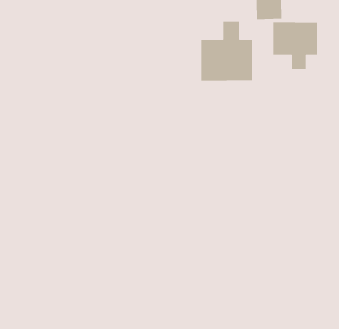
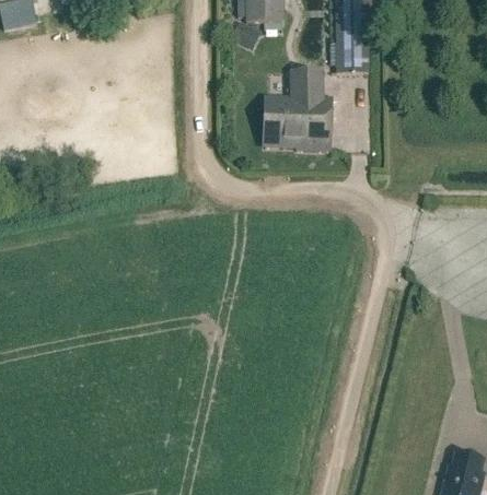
building: [272,21,318,70] -> none

